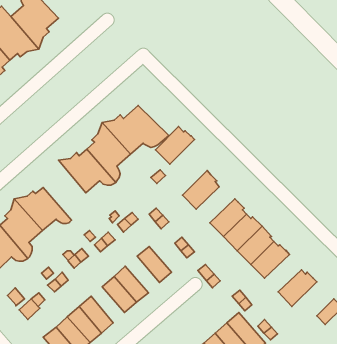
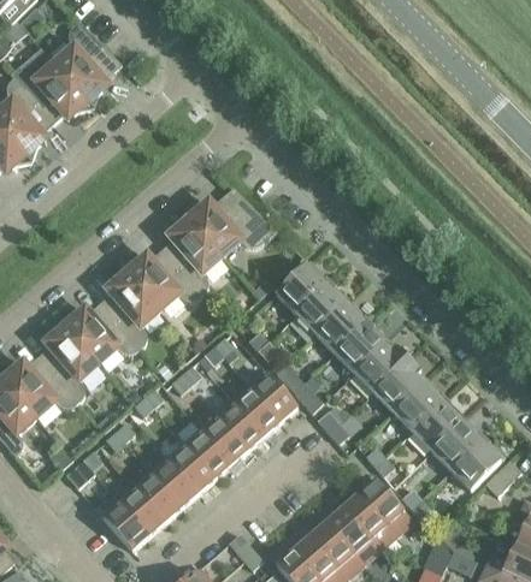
building: [155,127,195,164] -> [275,262,330,315]
building: none -> [99,266,159,350]
building: none -> [314,303,368,354]
building: none -> [248,372,296,423]
building: none -> [411,398,462,451]
building: none -> [214,400,262,452]
building: none -> [449,436,502,491]
building: none -> [166,444,213,494]

